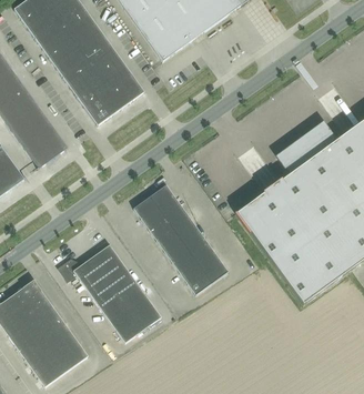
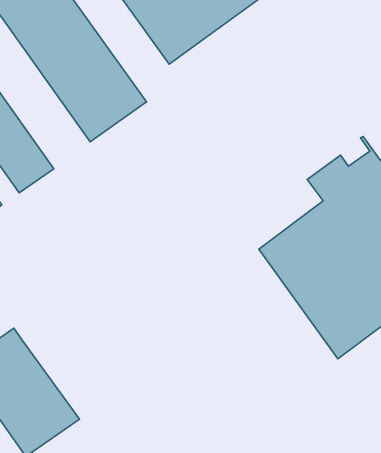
building: [133,183,229,294] -> none
building: [58,243,161,342] -> none

